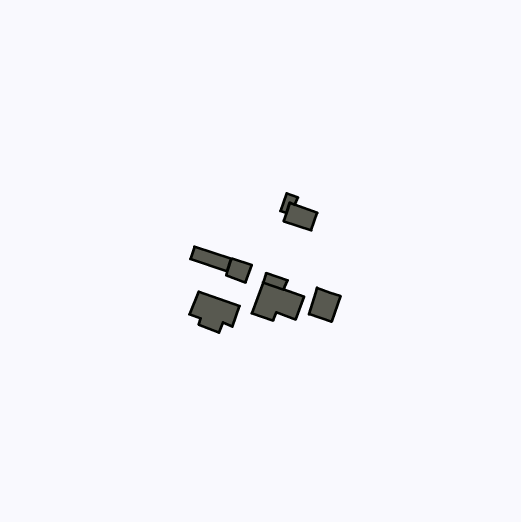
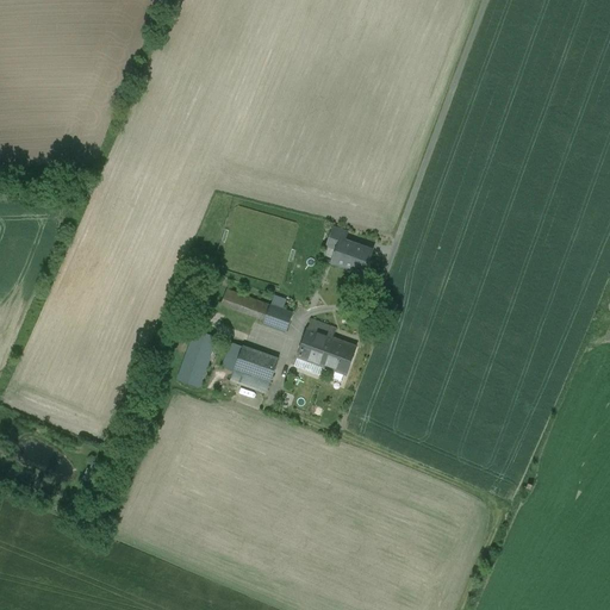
building: none -> [178,330,216,384]
building: [309,288,340,322] -> none

